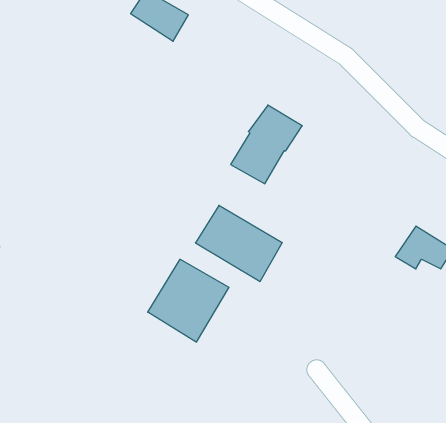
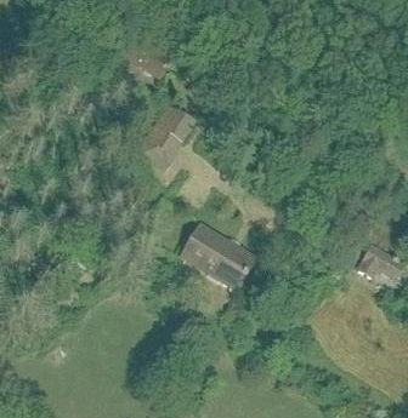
building: [231,105,302,184] -> [134,103,197,172]
building: [148,259,229,342] -> none

